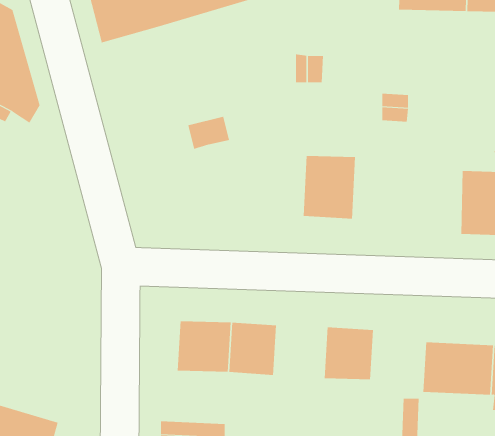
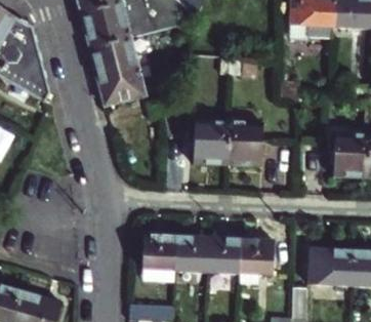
building: none -> [89,36,145,102]
building: none -> [193,122,228,164]
building: none -> [206,238,242,274]

